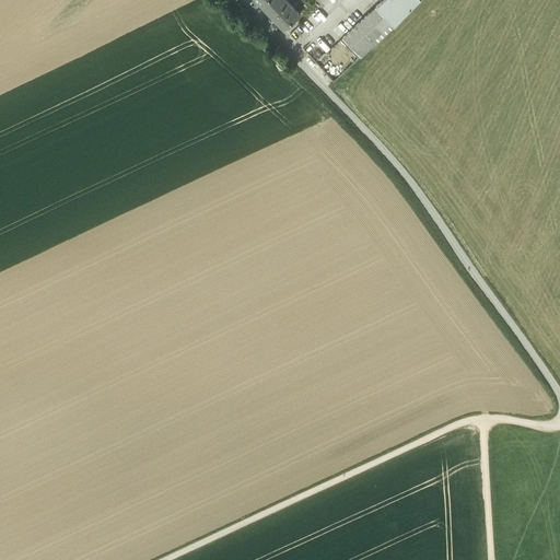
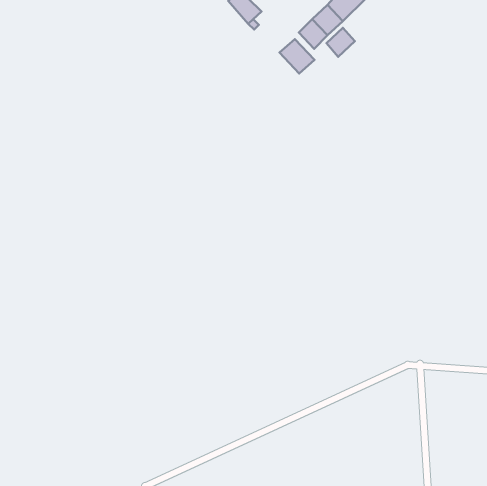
building: none -> [326,28,355,57]
building: none -> [279,39,314,73]

